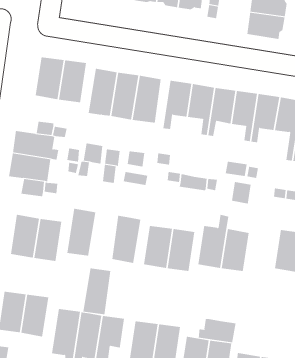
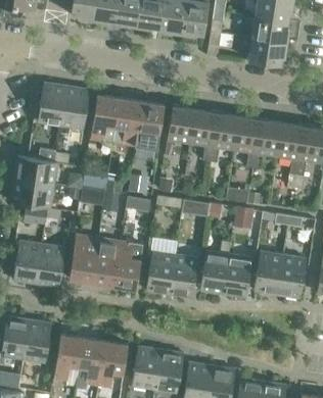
building: none -> [255,251,283,294]
building: [83,268,111,315] -> [92,238,121,285]
building: [198,318,236,343] -> none

